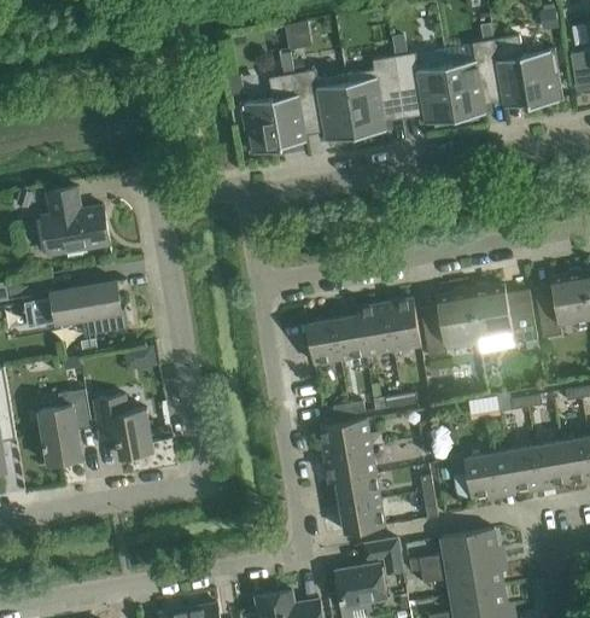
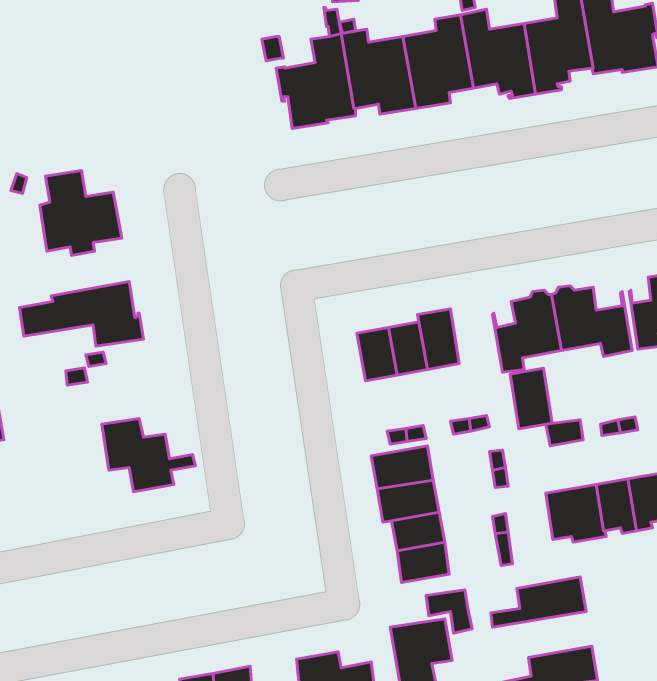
building: [385,299,420,350] -> [510,368,552,429]
building: [39,390,90,465] -> none
building: [420,558,503,596] -> none

